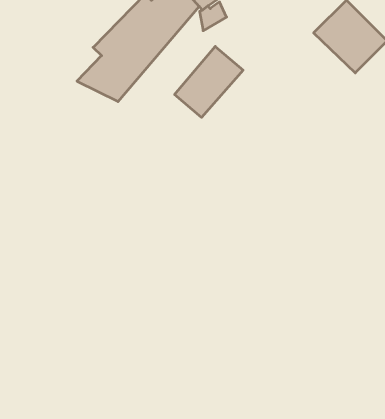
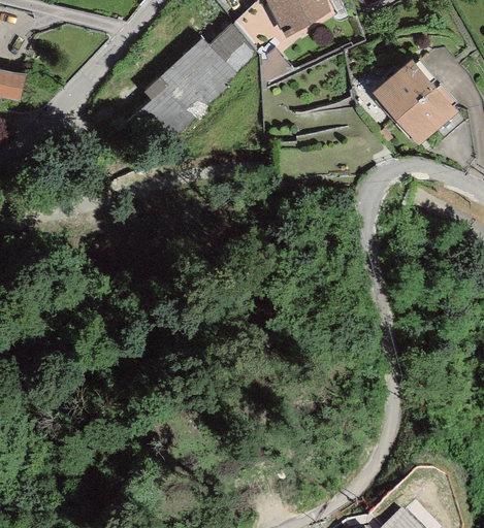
building: [175,46,243,117] -> none

